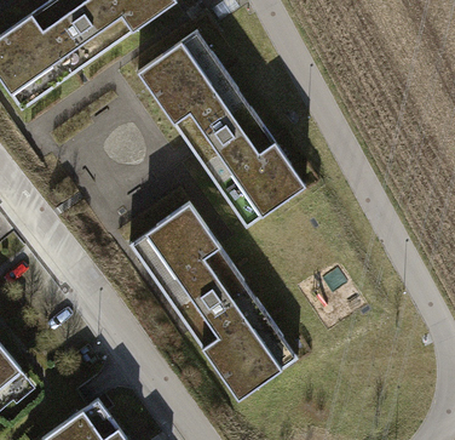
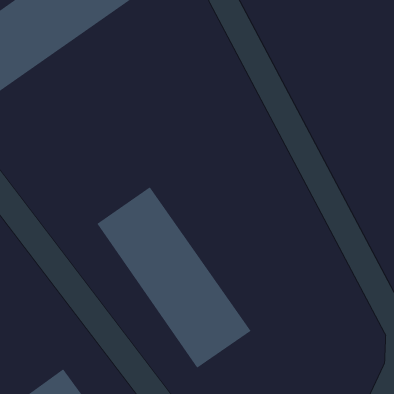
building: [138,32,305,225] -> none

